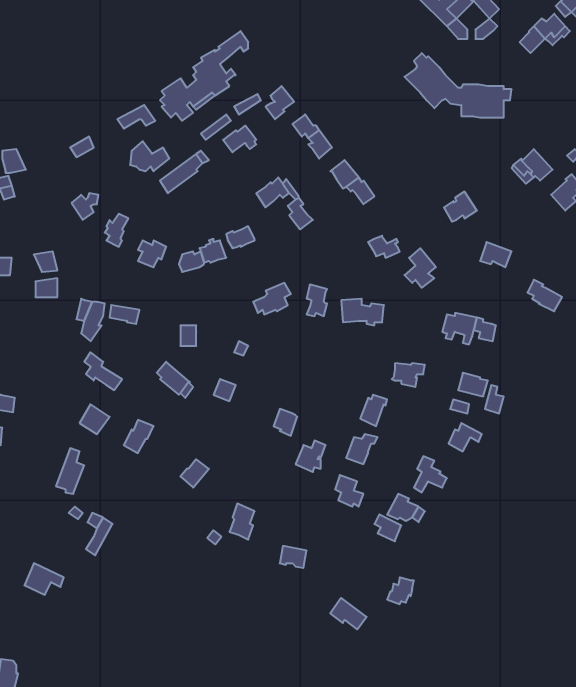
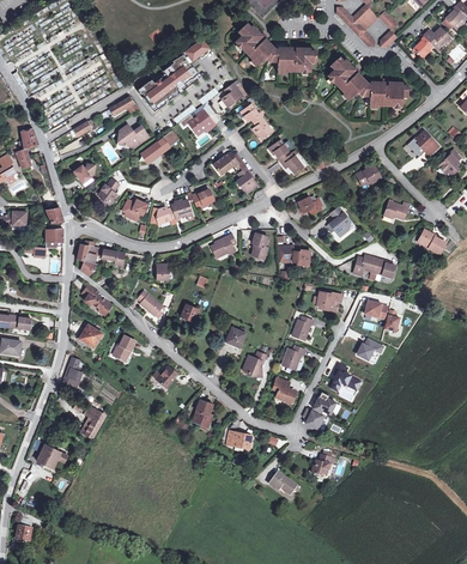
building: none -> [234,24,315,72]

